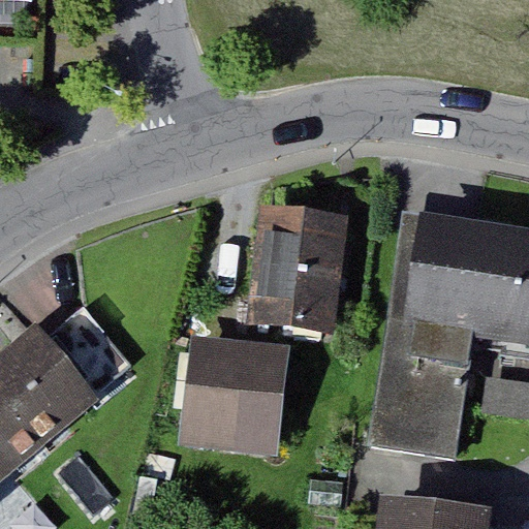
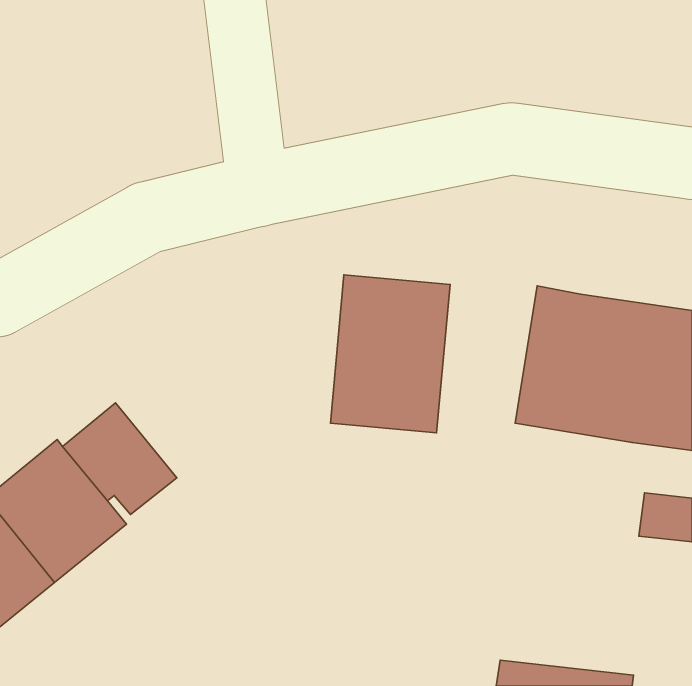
building: [374,321,480,452] -> none
building: [187,338,288,446] -> none

